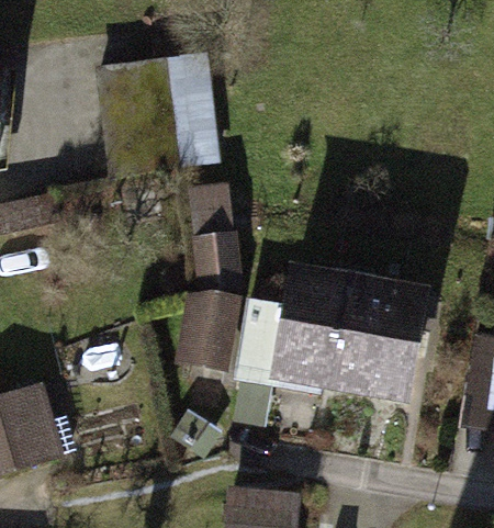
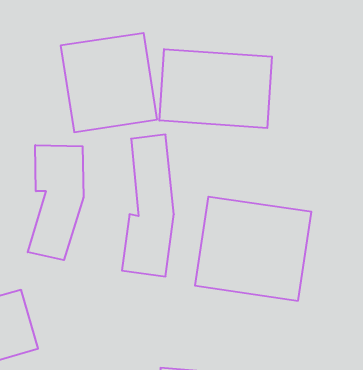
building: none -> [159,49,272,128]
building: none -> [28,145,83,260]

